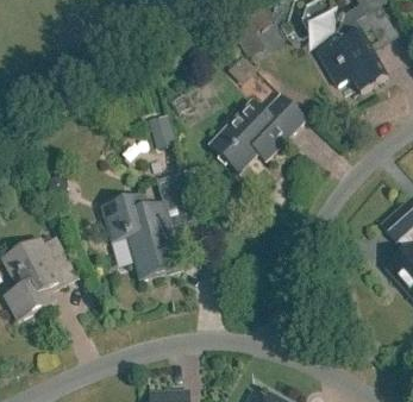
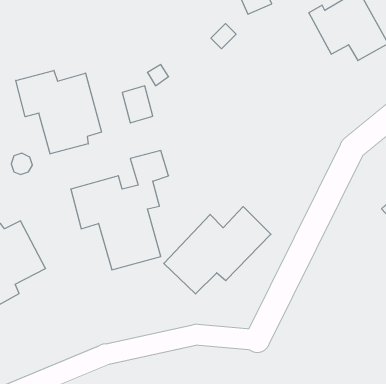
building: [208,93,305,171] -> [164,207,271,294]
building: none -> [16,70,101,154]

